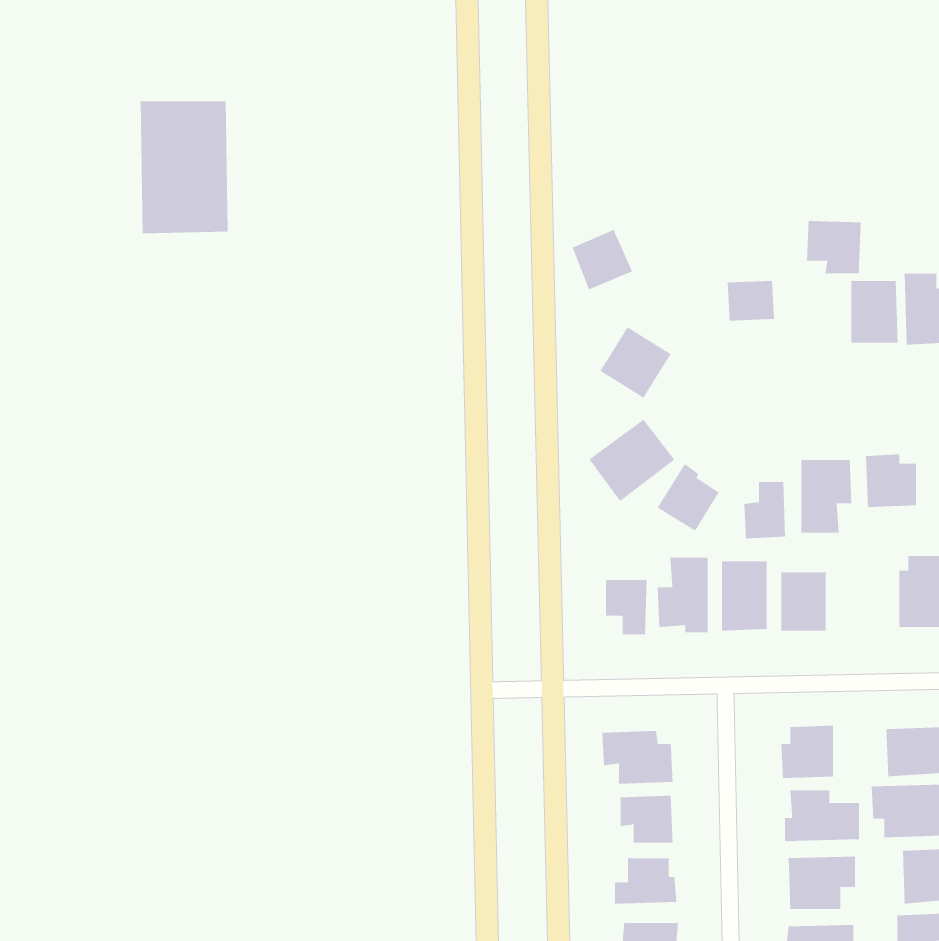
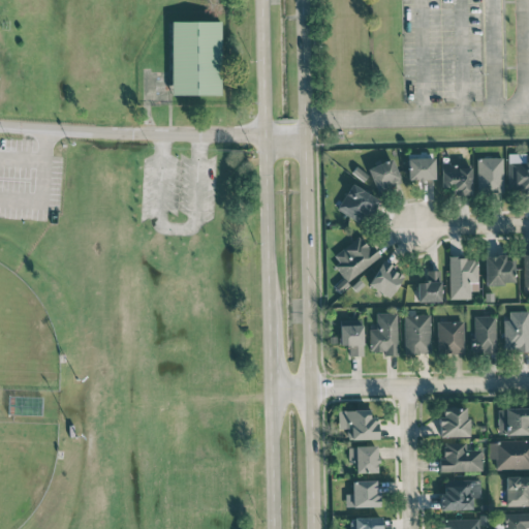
building: [140,101,228,234] -> [173,22,222,96]
building: [806,220,861,274] -> [442,165,473,195]
building: [572,229,633,290] -> [369,159,403,193]
building: none -> [474,316,497,353]

